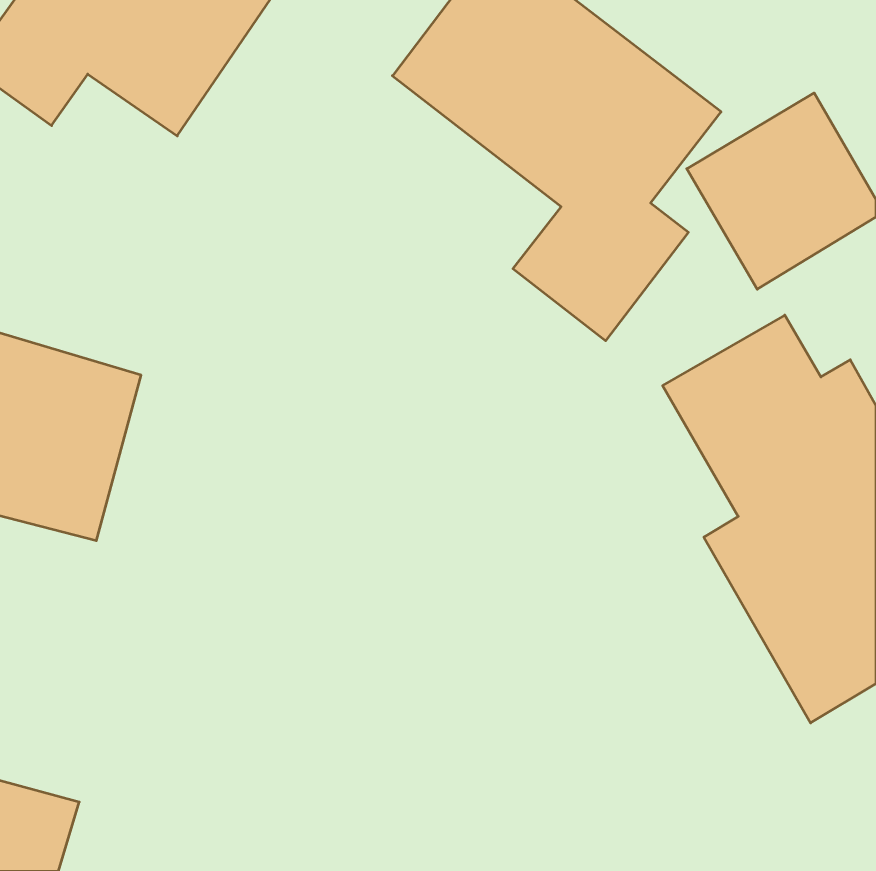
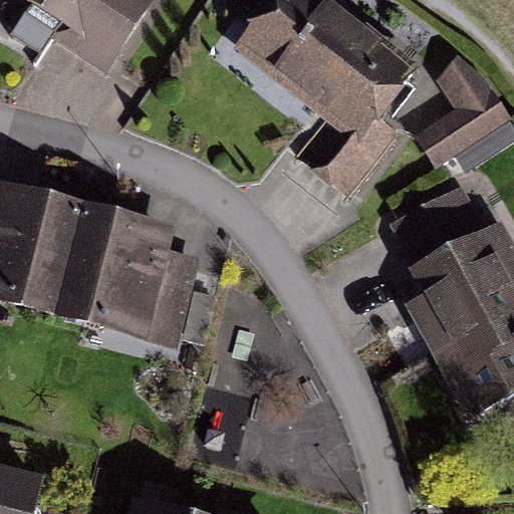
building: none -> [56,219,203,347]

